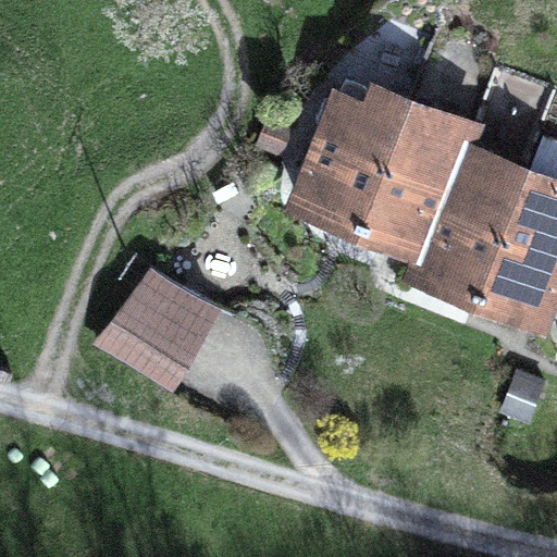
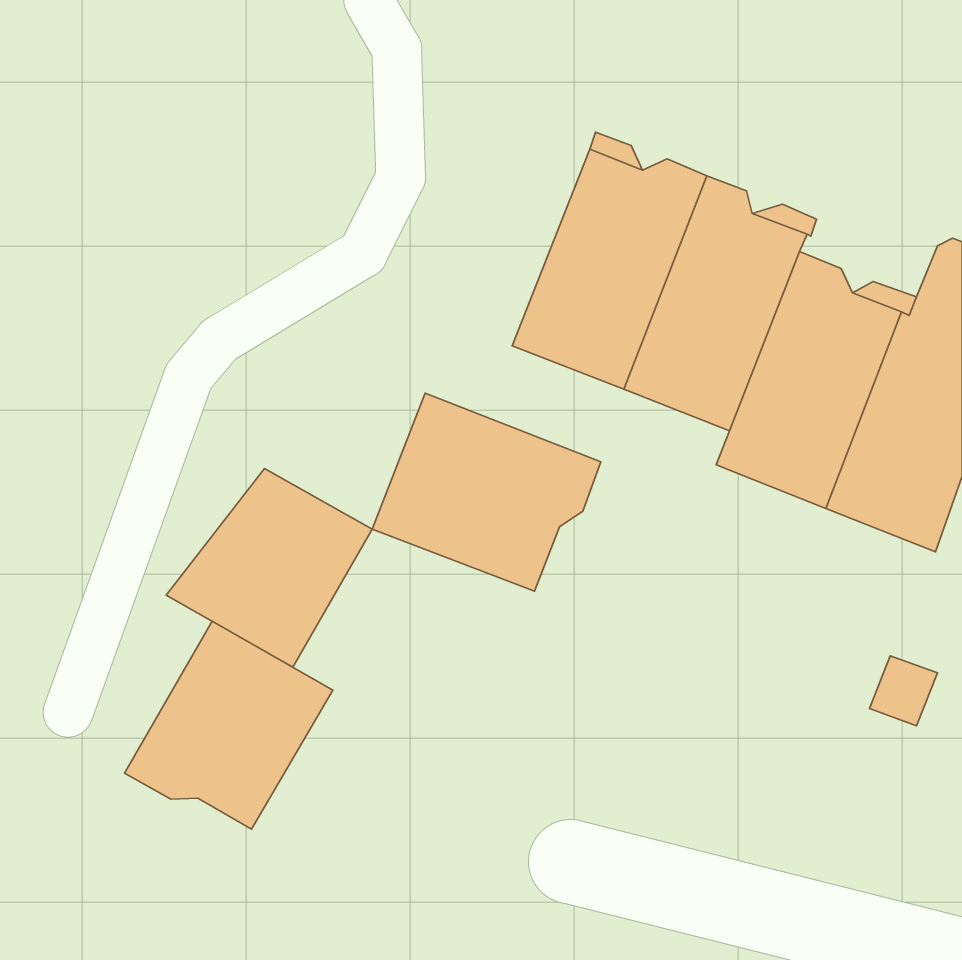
building: none -> [372,393,601,591]
building: none -> [125,621,333,829]

